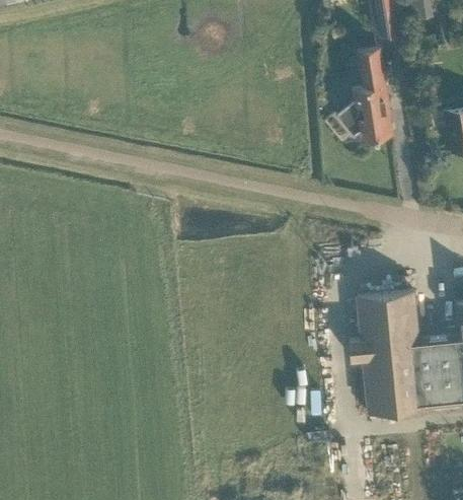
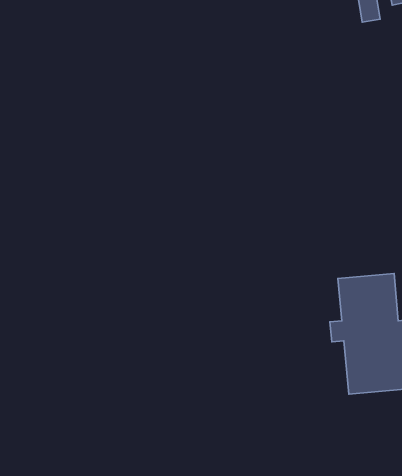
building: [336,49,393,141] -> none

